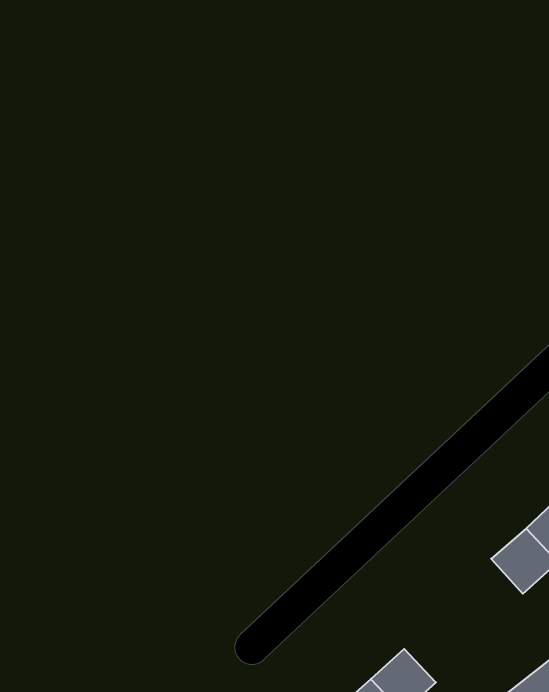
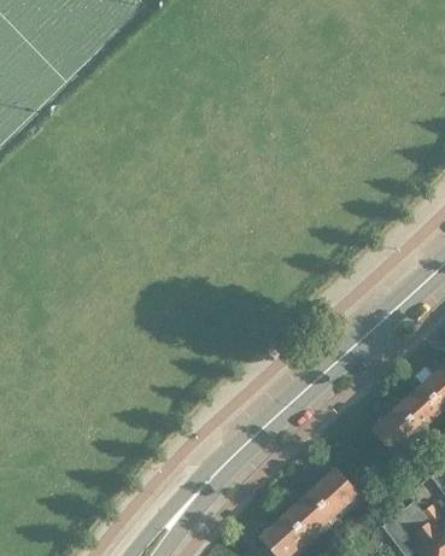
building: none -> [308,470,356,517]

